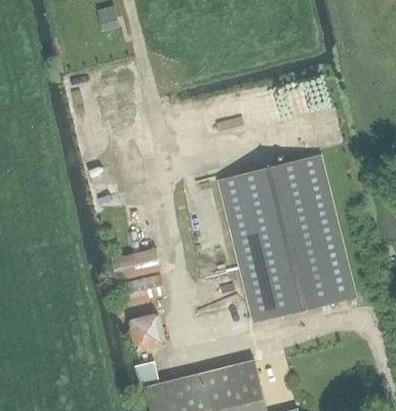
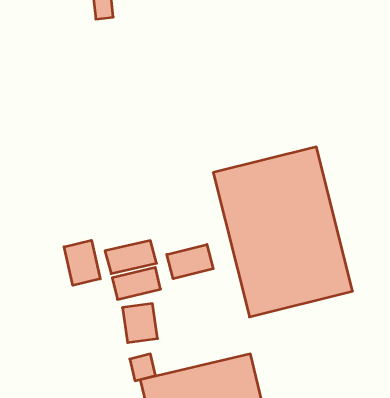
building: none -> [64,240,100,285]
building: none -> [167,244,213,279]

